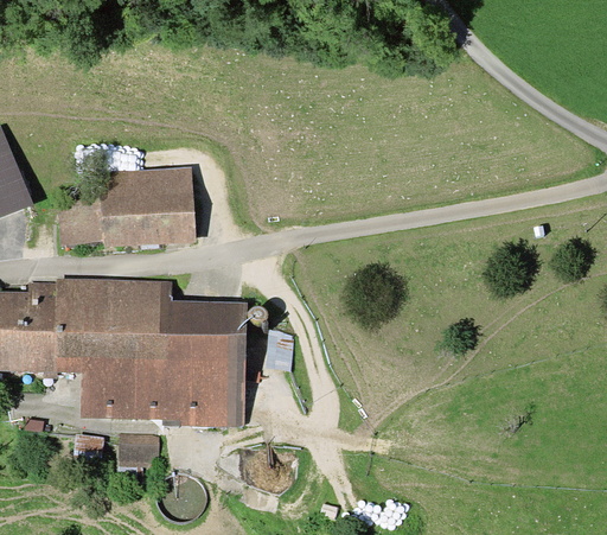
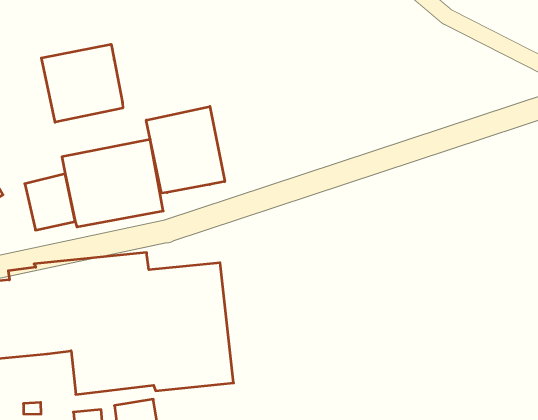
building: none -> [41,44,123,122]
building: none -> [146,106,225,193]

